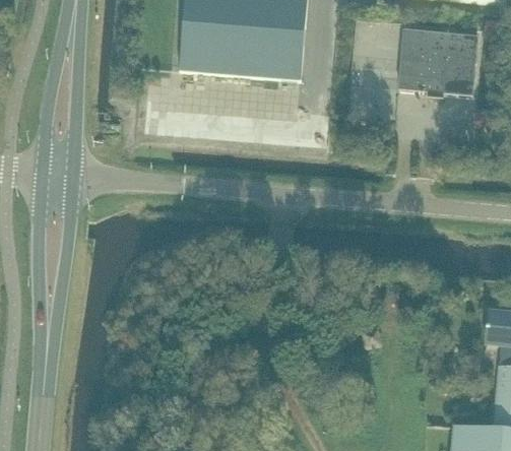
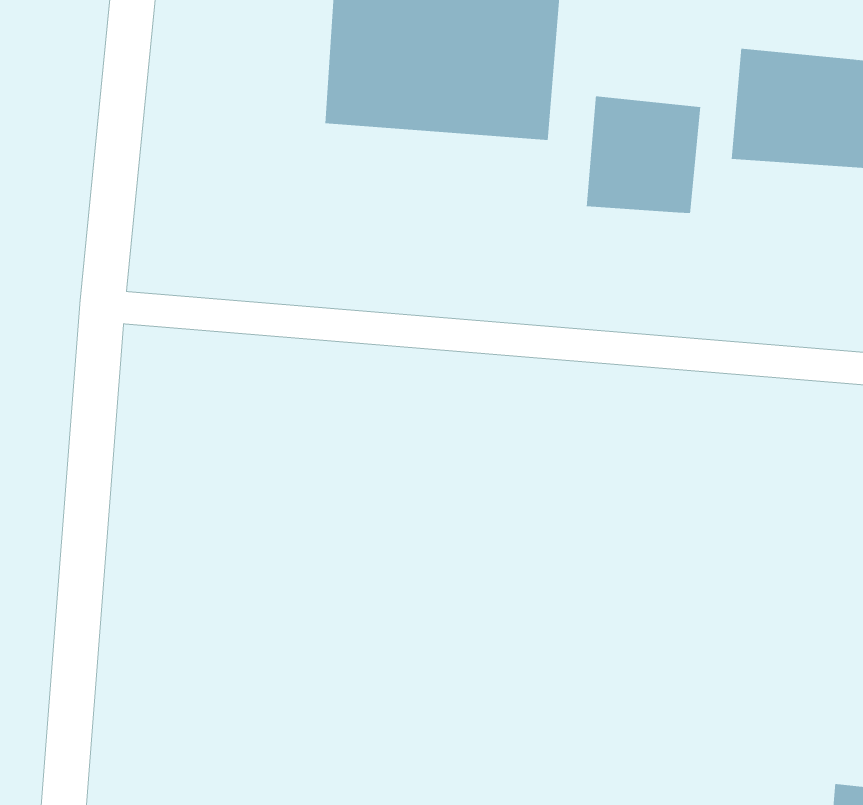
building: none -> [586,96,701,214]

